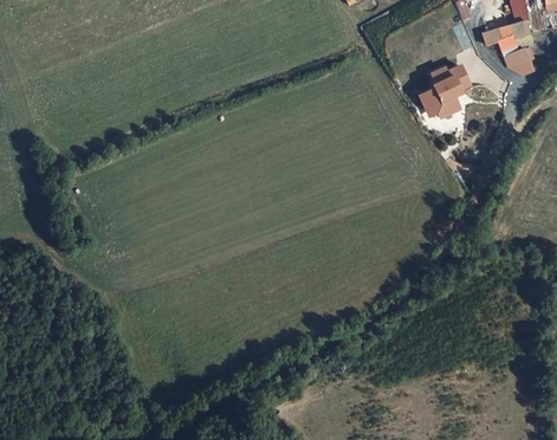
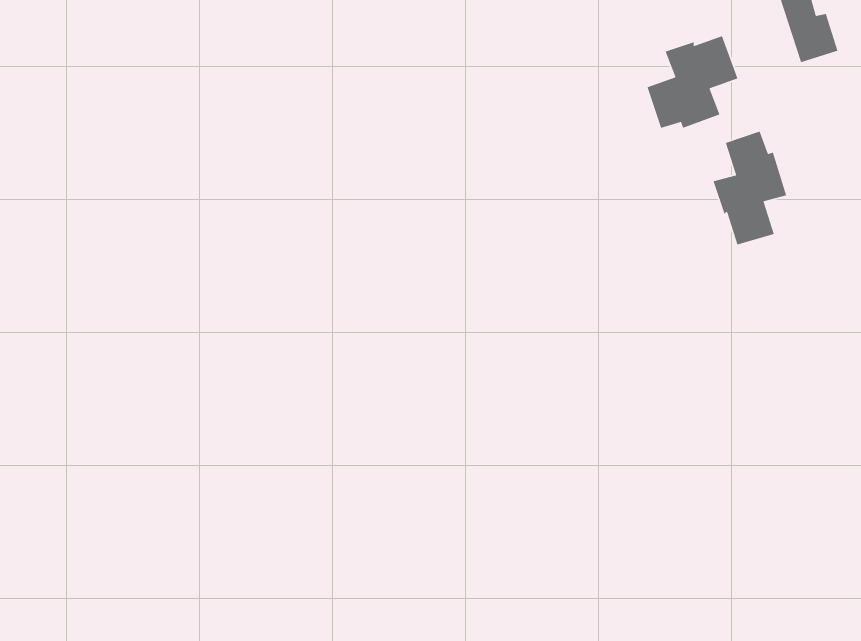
building: none -> [713,131,787,245]

